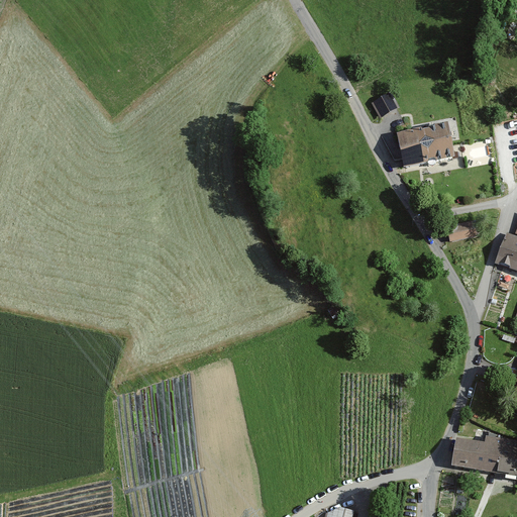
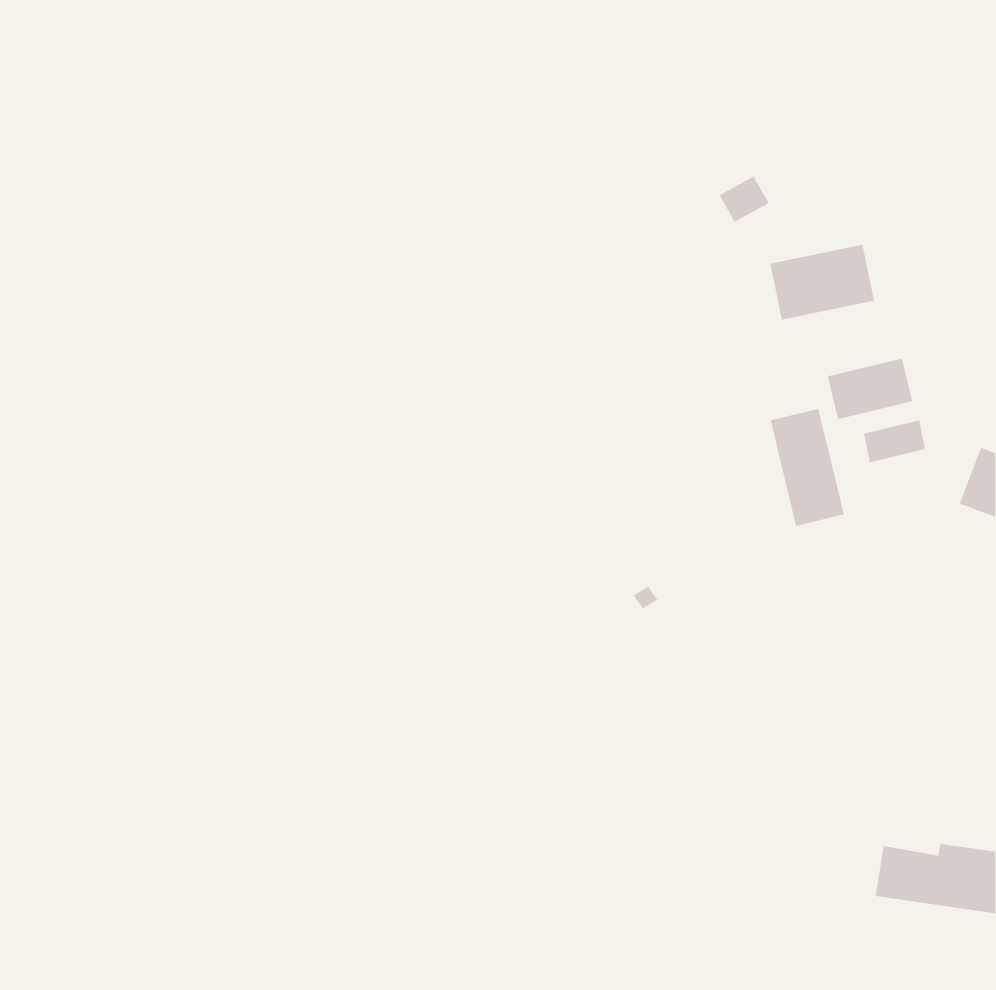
building: none -> [827,358,913,420]
building: none -> [770,408,844,527]

